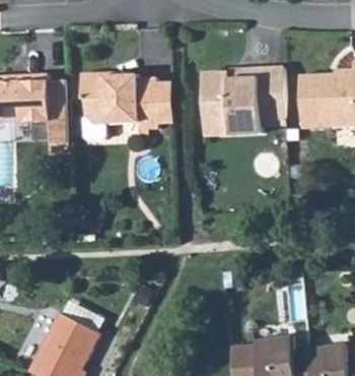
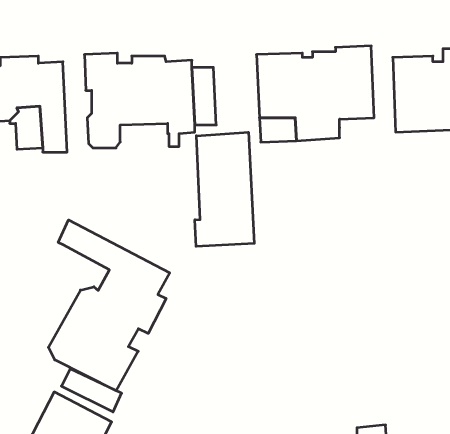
building: none -> [195,132,254,246]
building: none -> [48,220,170,391]

